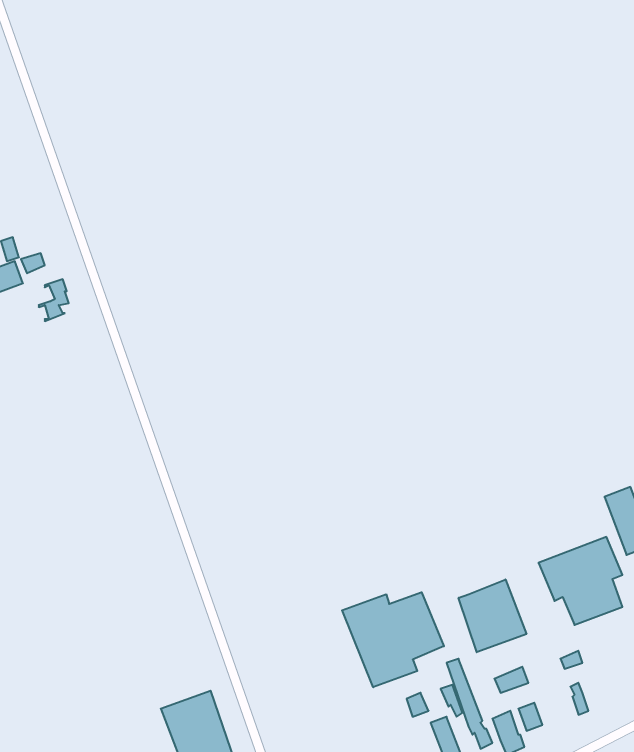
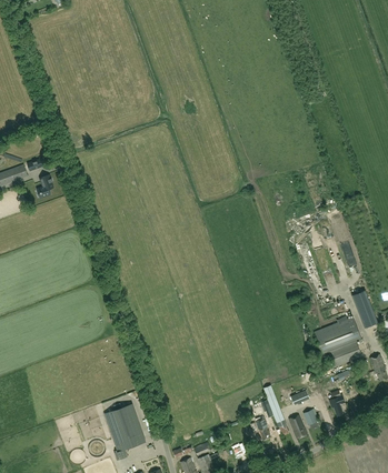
building: [459,579,526,652] -> none
building: [342,592,444,687] -> none

